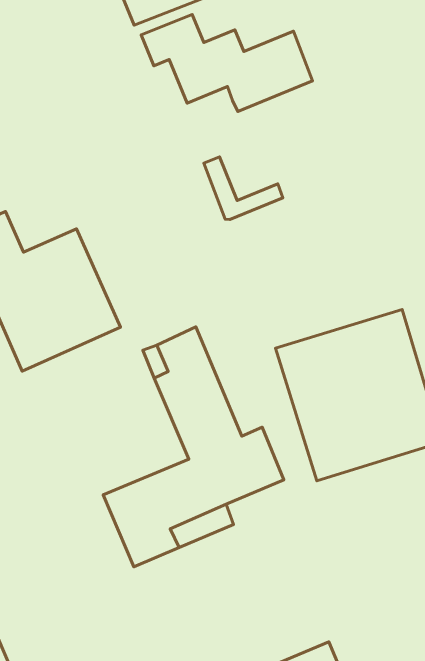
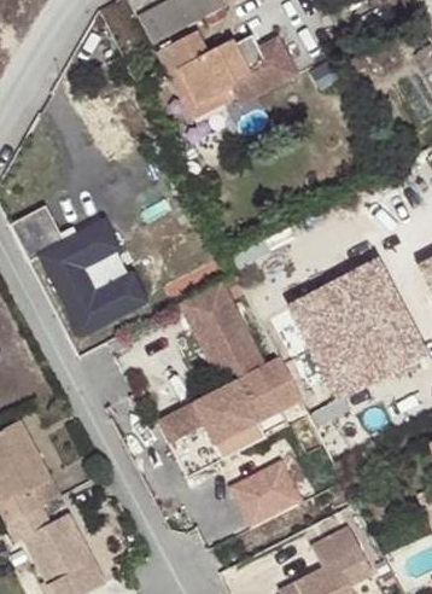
building: [204,157,283,219] -> [173,70,238,120]
building: none -> [229,456,305,526]

